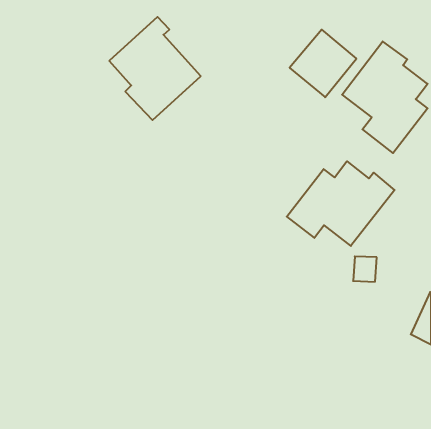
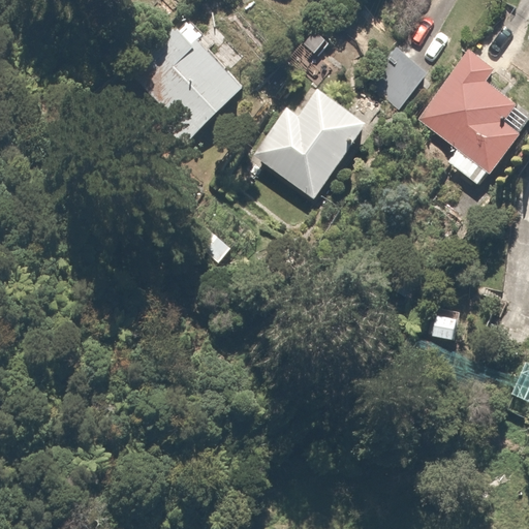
building: none -> [250,83,371,199]
building: [287,161,395,246] -> none

